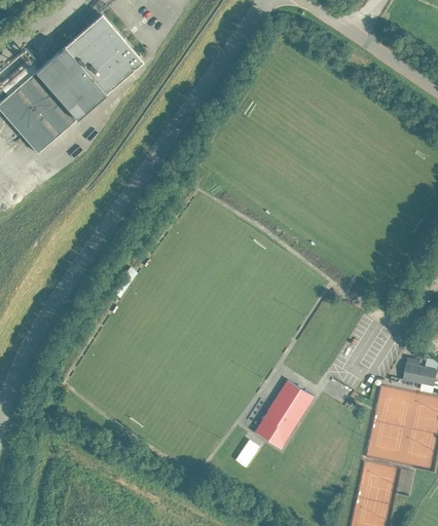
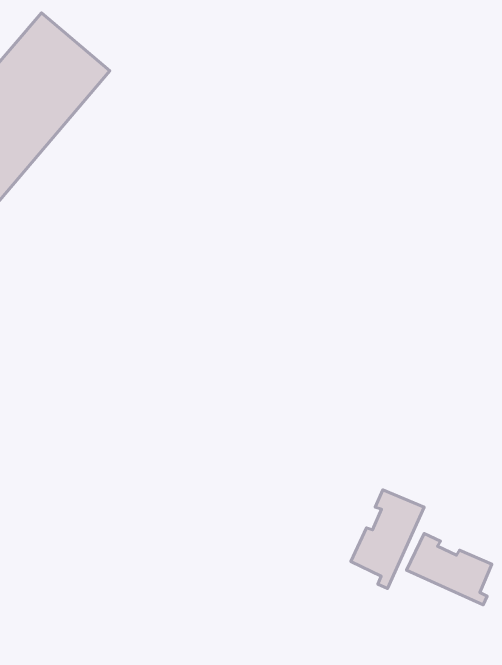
building: none -> [407,533,492,605]

